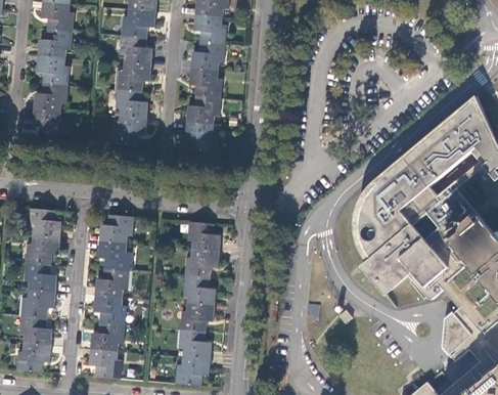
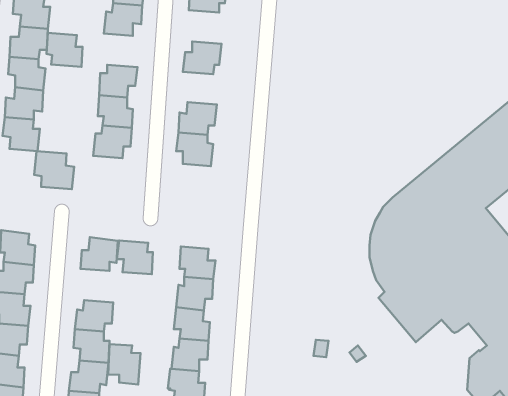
building: [194,14,227,44] -> none
building: [121,35,152,64] -> [47,33,83,67]
building: [190,69,223,97] -> none
building: none -> [34,151,74,189]
building: [99,242,131,271] -> [117,241,153,274]
building: none -> [108,344,141,384]

